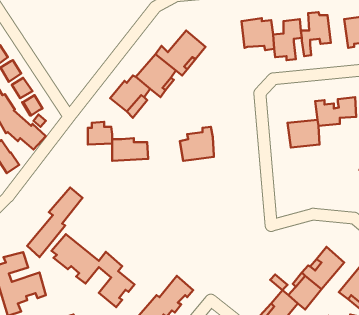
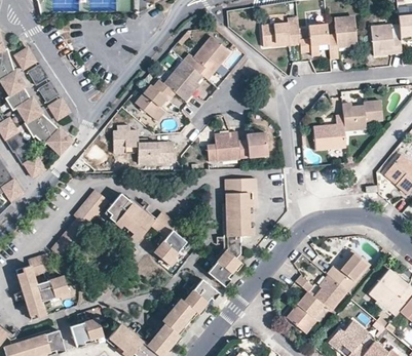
building: none -> [238,132,269,159]
building: none -> [208,177,257,287]
building: [52,234,135,307] -> [107,194,190,267]

